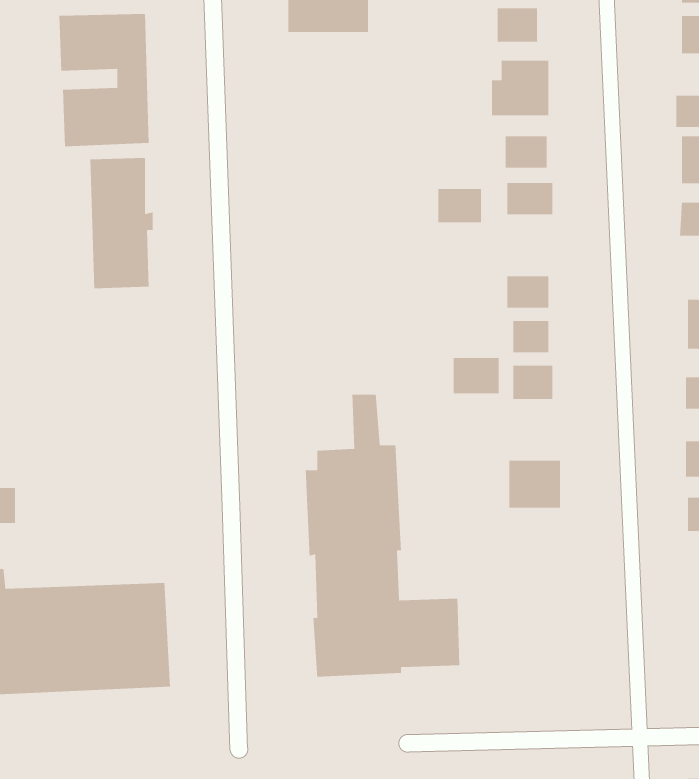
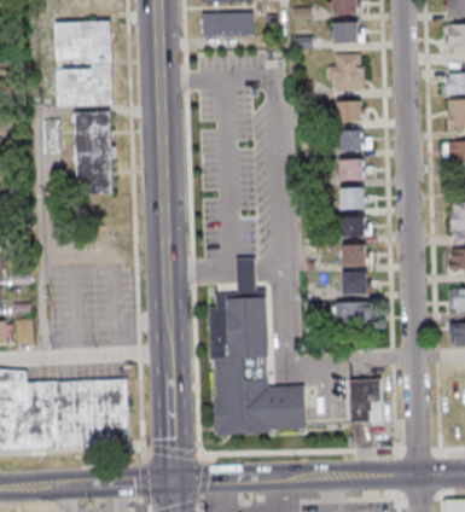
building: [437,188,482,223] -> [336,158,364,180]
building: [453,357,500,394] -> [341,270,370,293]
building: none -> [348,379,380,423]

